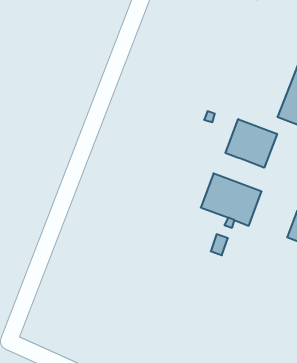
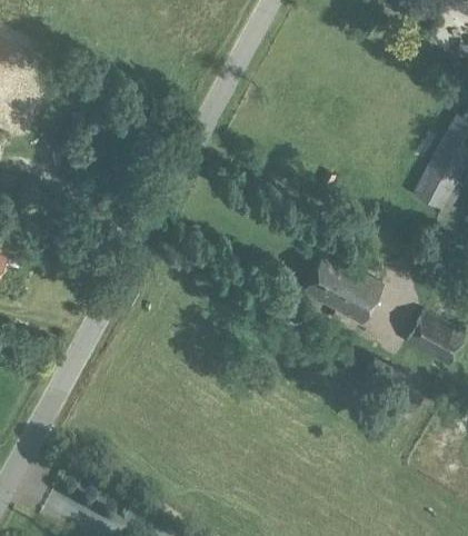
building: [225,119,277,168] -> none

